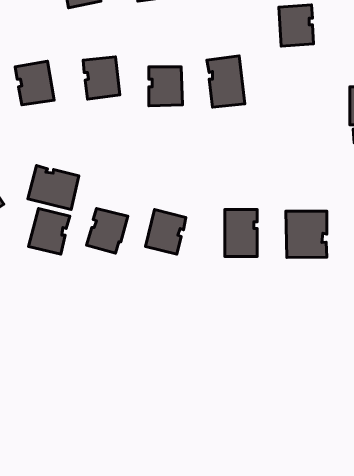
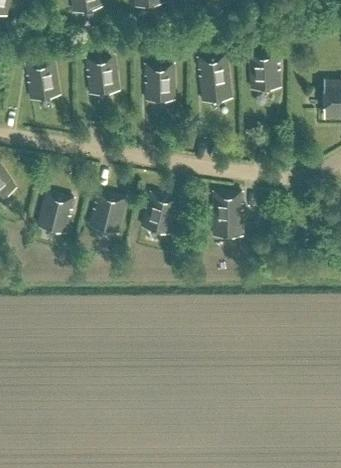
building: [279,5,314,46] -> [249,53,280,90]
building: [28,165,79,209] -> none
building: [286,211,327,257] -> none

